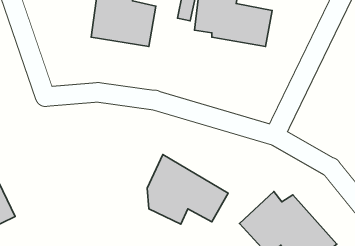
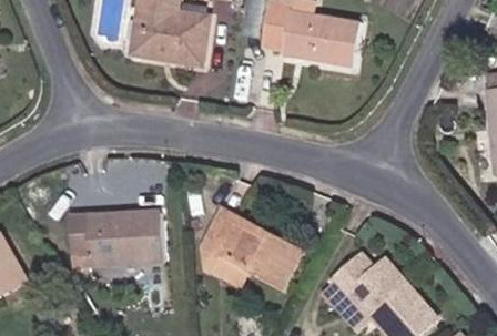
building: none -> [68,210,162,267]

